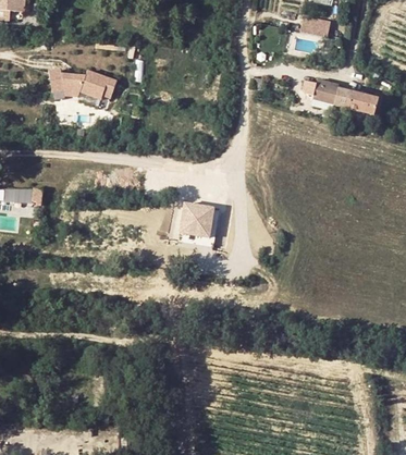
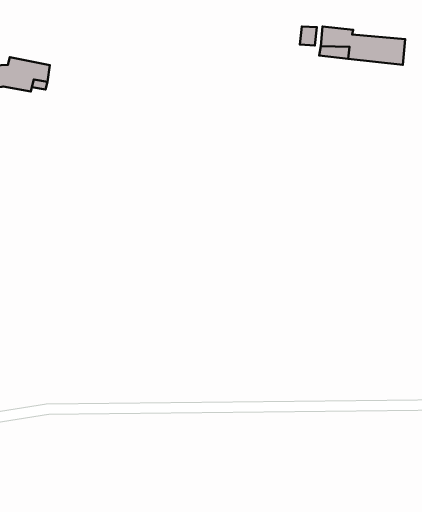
building: [177,200,211,235] -> none

